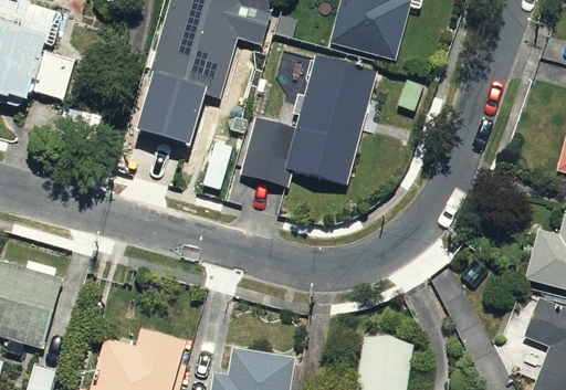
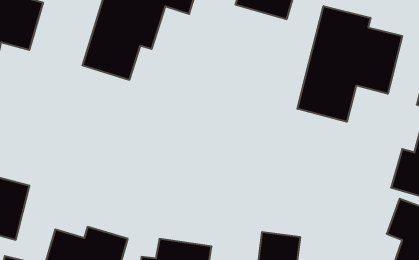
building: none -> [297,6,402,122]
building: [233,54,374,190] -> none

